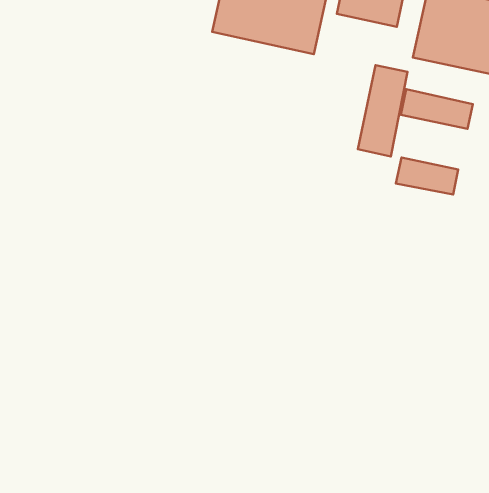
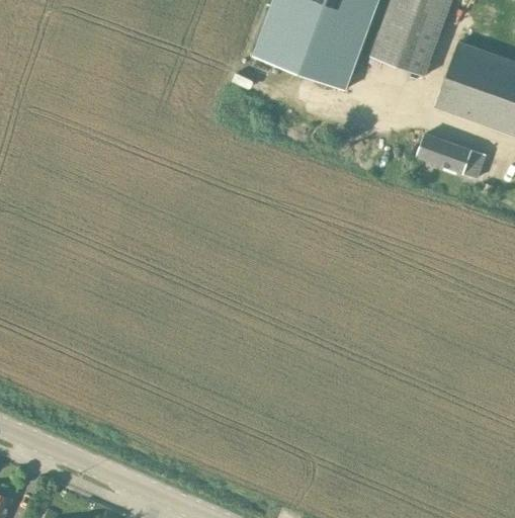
building: [358,65,407,156] -> none
building: [396,158,458,195] -> none

